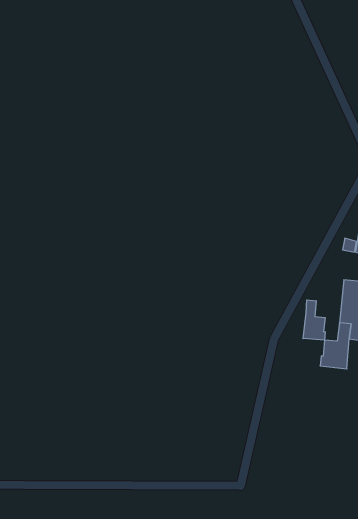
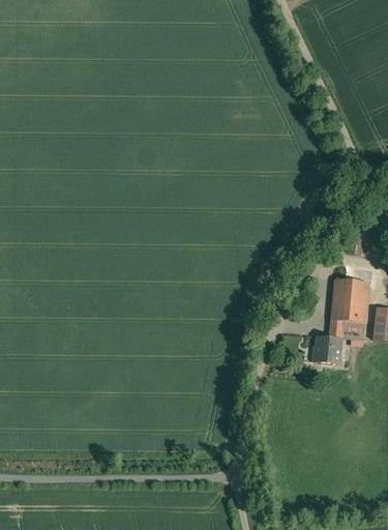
building: [303,300,325,340] -> none

